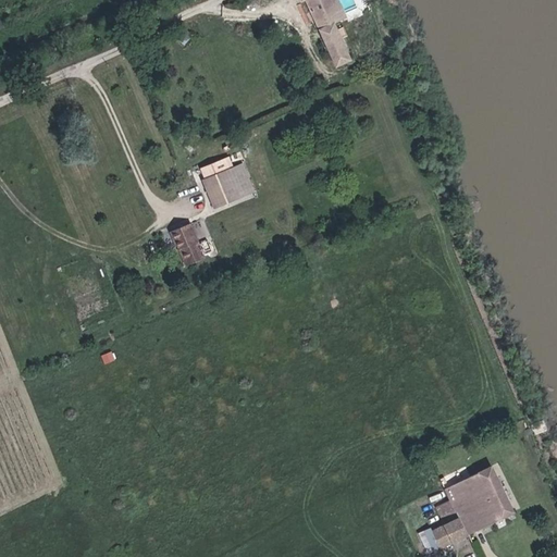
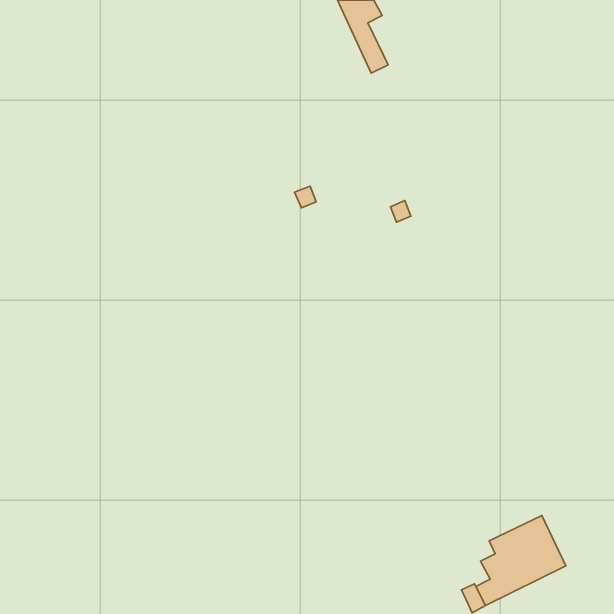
building: [205,166,243,206] -> none
building: [171,221,207,261] -> none

